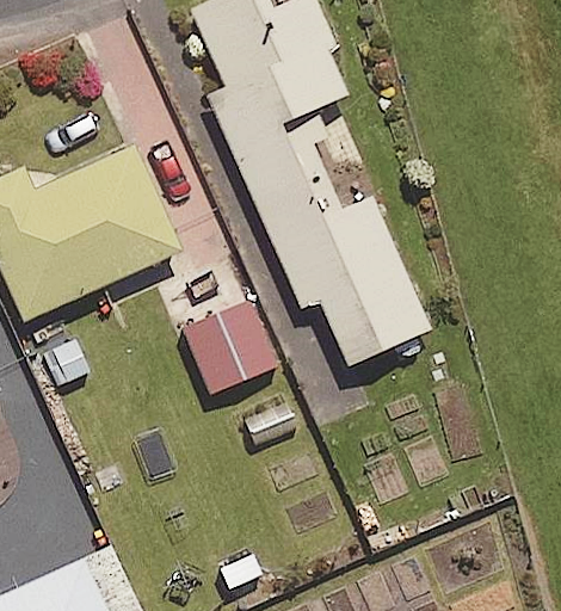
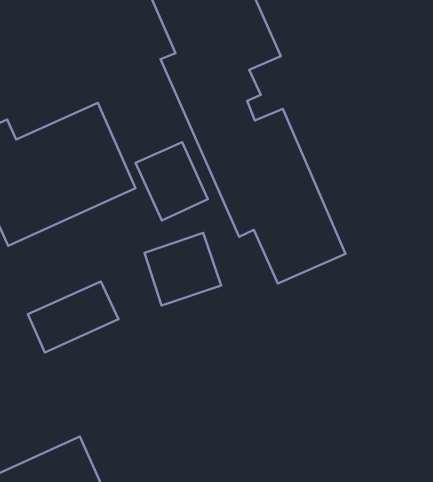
building: none -> [136,142,208,220]
building: none -> [28,282,119,353]

